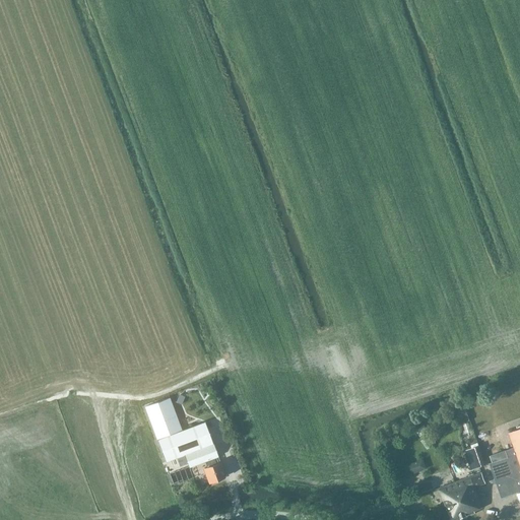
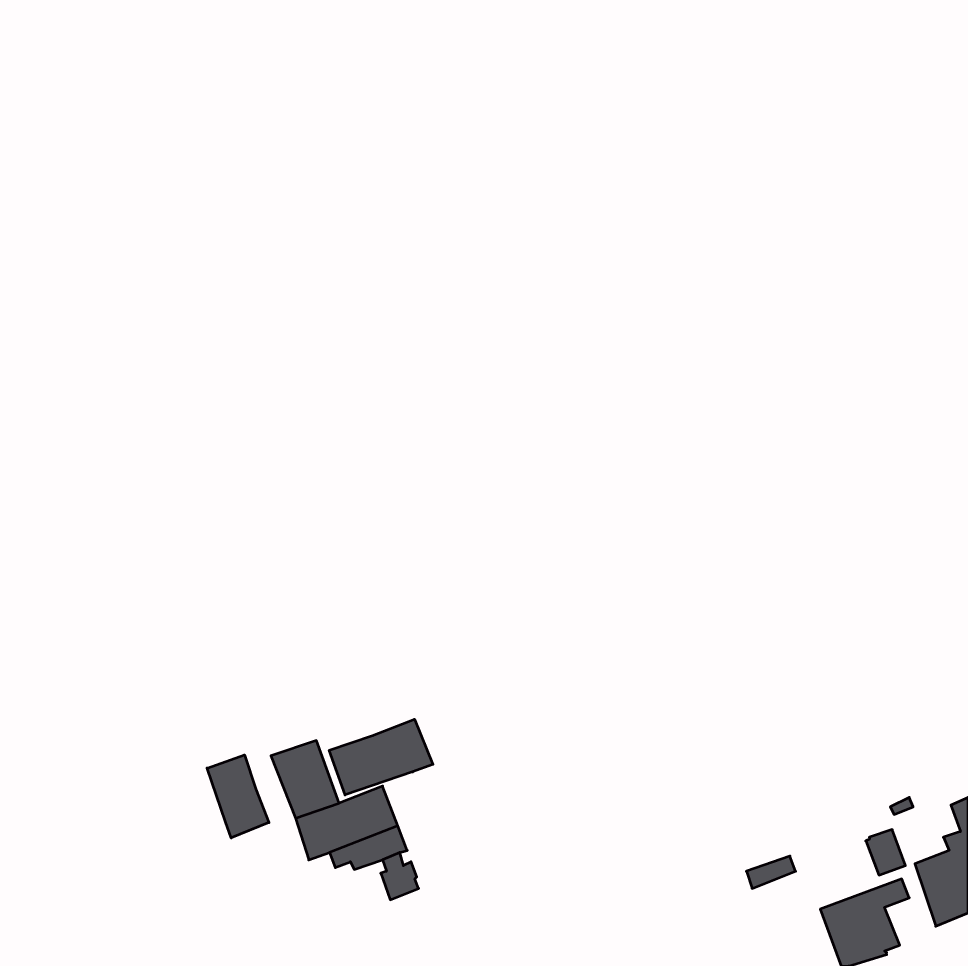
building: none -> [329,719,433,795]
building: none -> [207,755,269,838]

